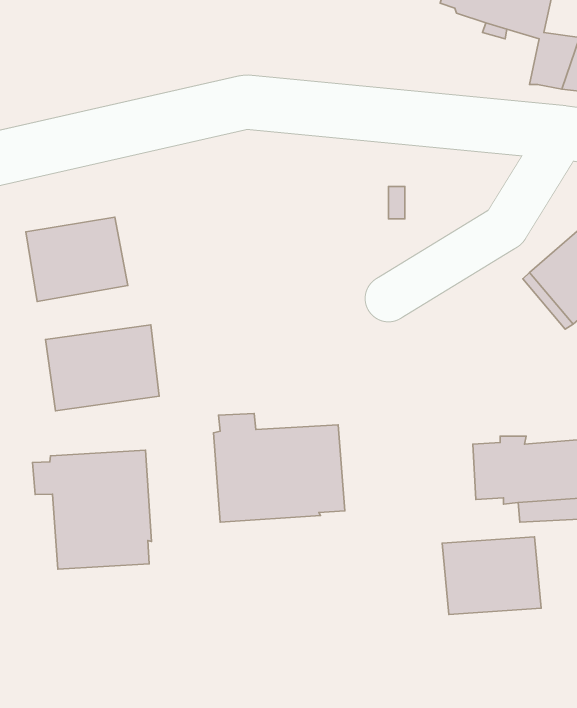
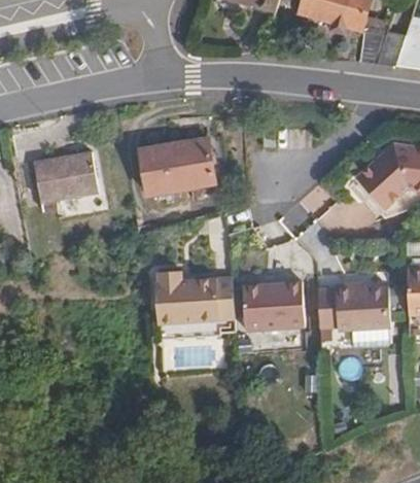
building: [46,325,159,411] -> [140,134,212,188]
building: [32,450,151,569] -> none
building: [442,537,541,615] -> [243,280,306,330]

